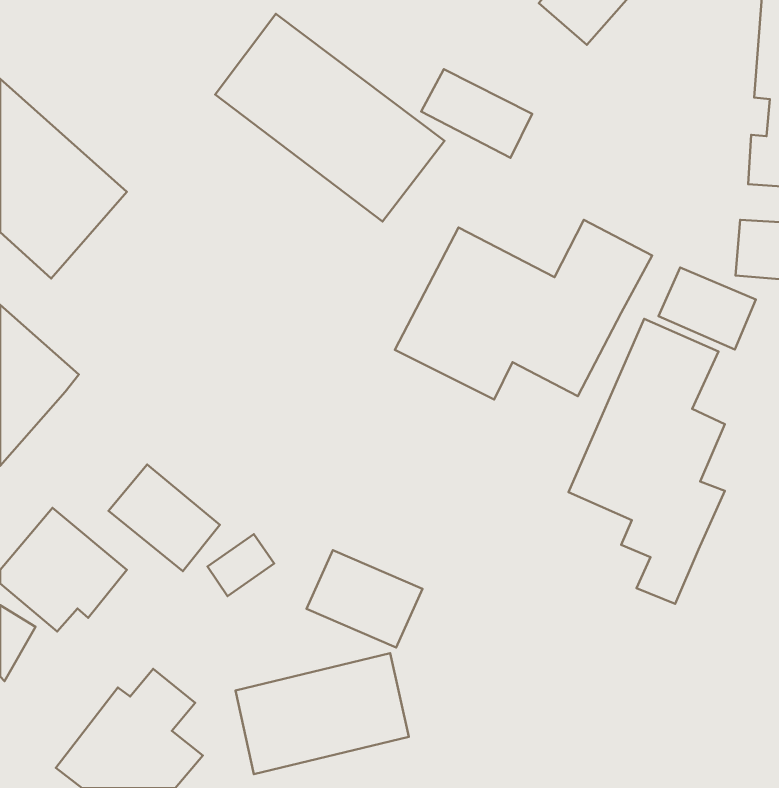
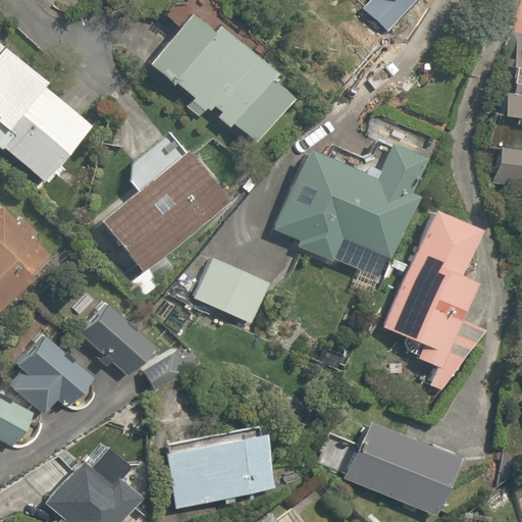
building: [421,69,532,158] -> none
building: none -> [100,156,224,273]
building: [659,267,756,349] -> none
building: [306,550,423,648] -> [197,255,273,319]
building: none -> [345,421,456,513]

